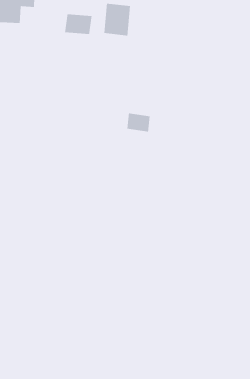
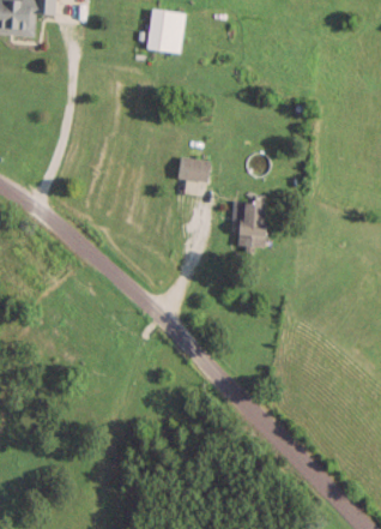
building: [65,13,92,35] -> none
building: none -> [238,202,264,246]

